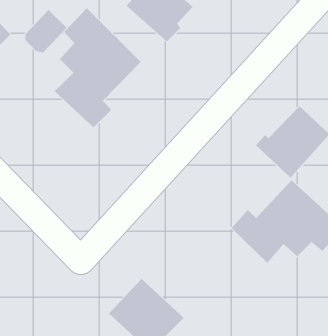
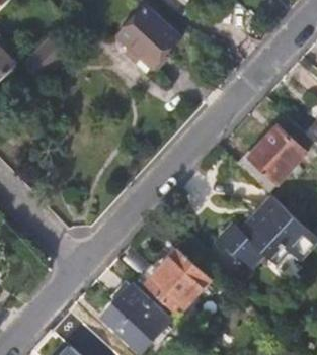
building: [54,7,141,128] -> none
building: none -> [145,250,211,316]

